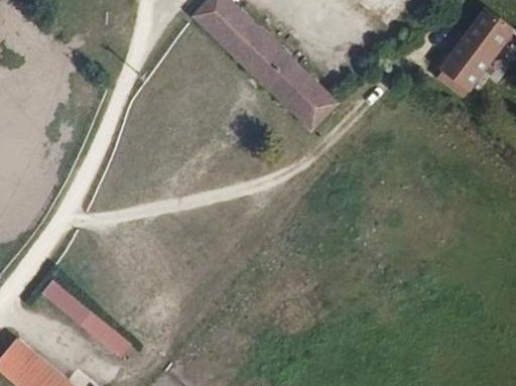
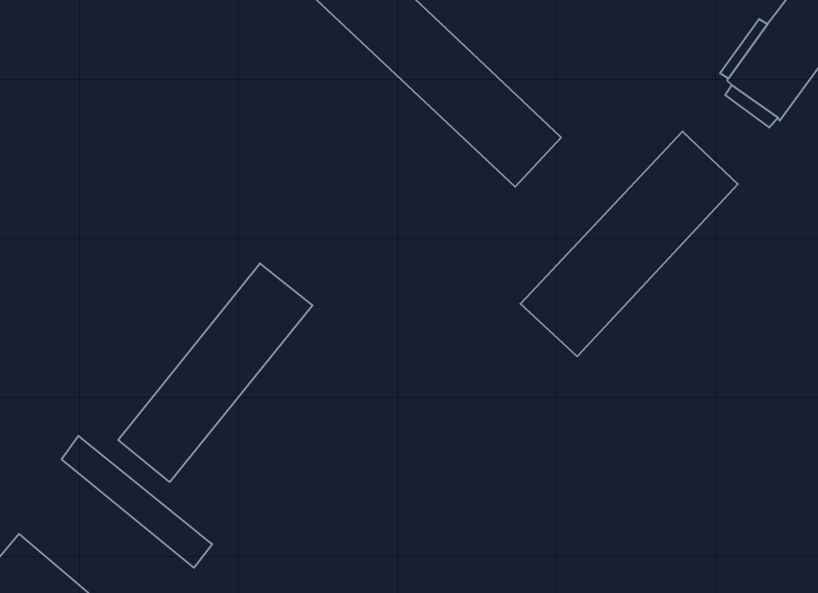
building: none -> [520,131,738,356]
building: none -> [118,263,313,482]

